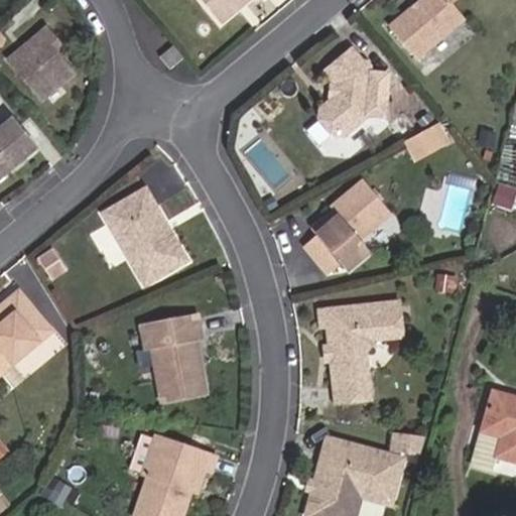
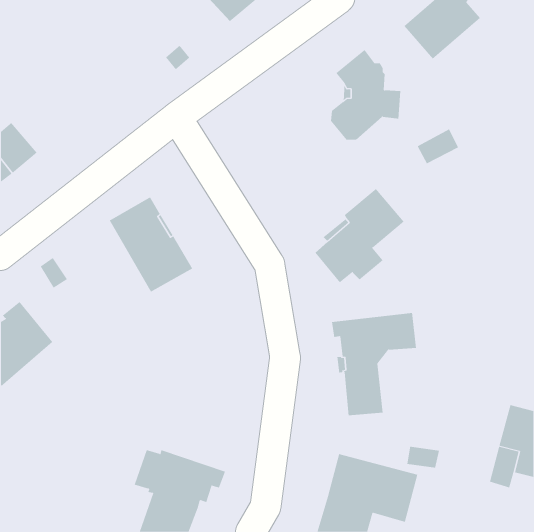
building: [8,27,74,99] -> none
building: [140,314,207,400] -> none

